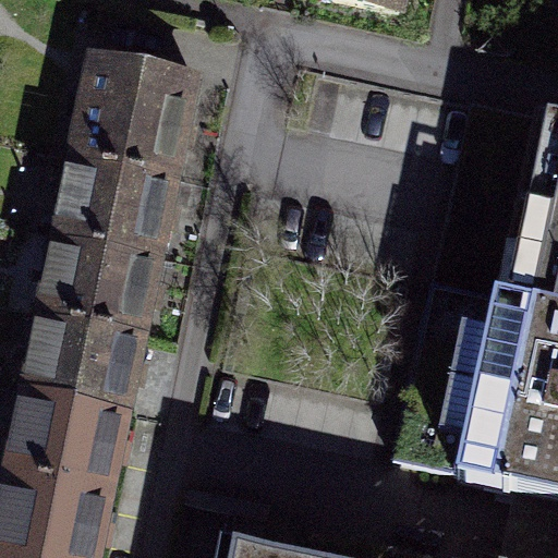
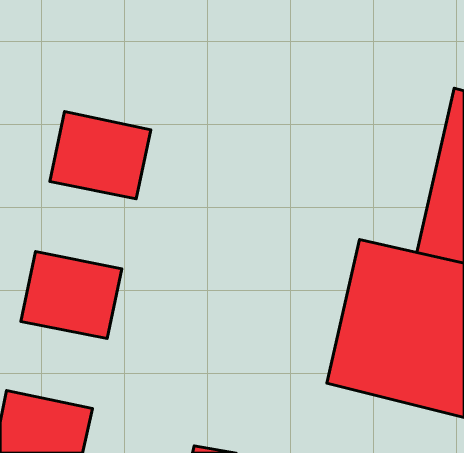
building: [77,51,197,156] -> none
building: [43,218,163,323] -> none
building: [8,386,129,490] -> none

